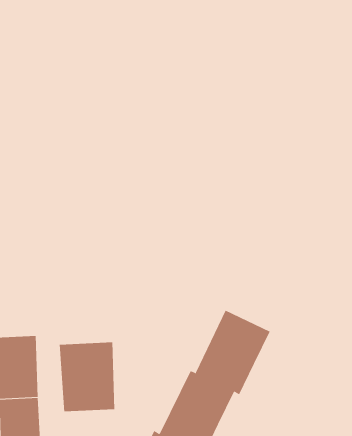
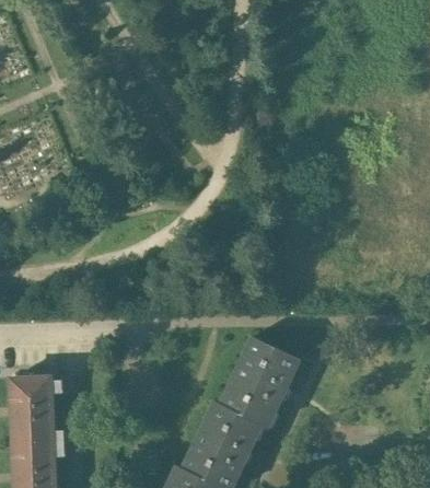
building: [59,342,115,412] -> none

